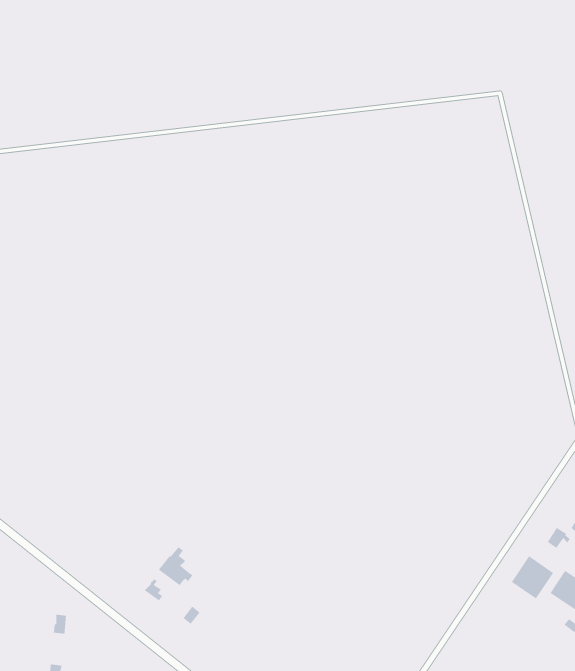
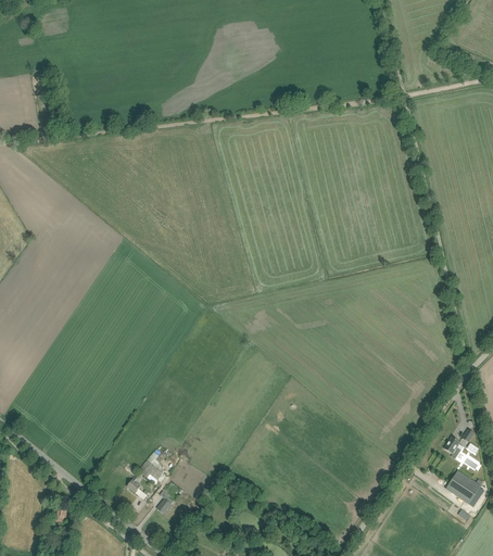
building: [511,555,554,600] -> none

